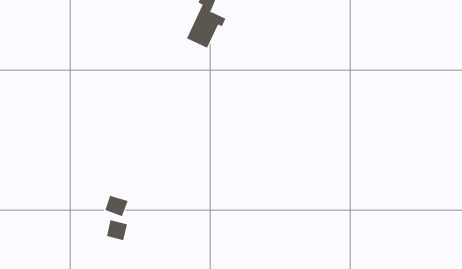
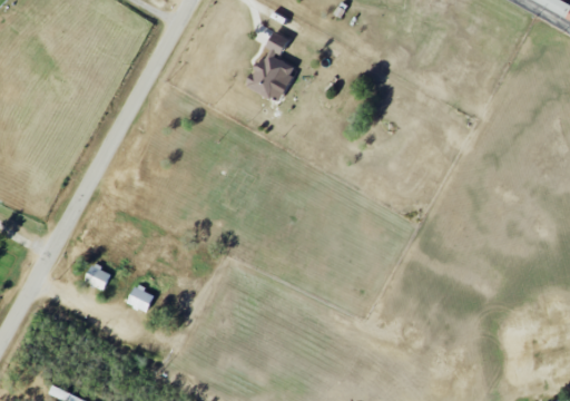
building: [104,195,128,217] -> [82,264,111,291]

